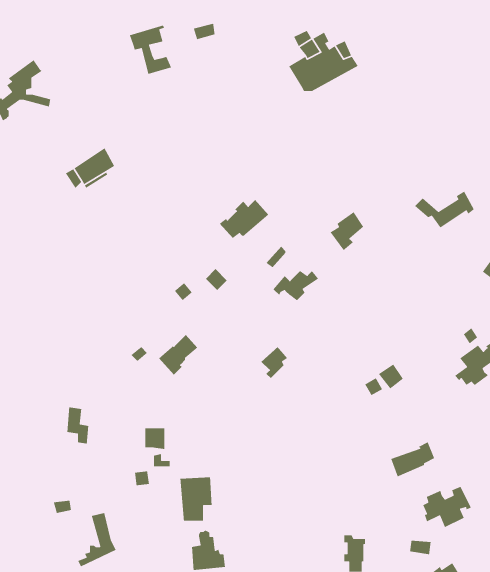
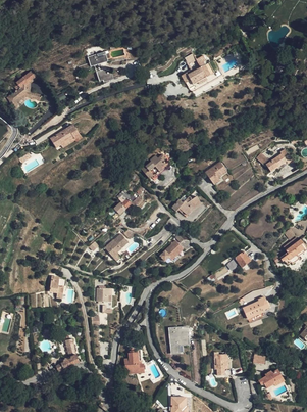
building: [180,476,212,521] -> [169,326,189,353]
building: [422,486,472,528] -> none

